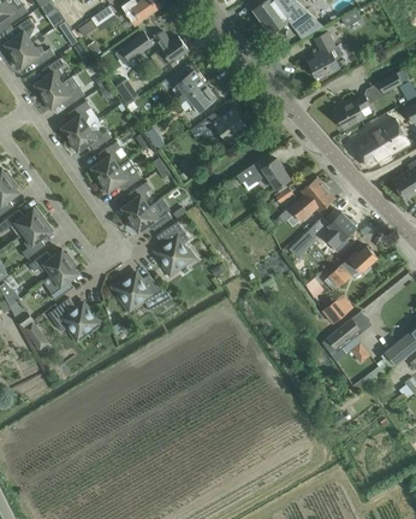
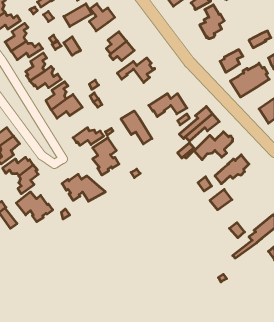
building: [121,181,151,220] -> none
building: none -> [121,111,152,144]
building: [327,318,362,350] -> none

